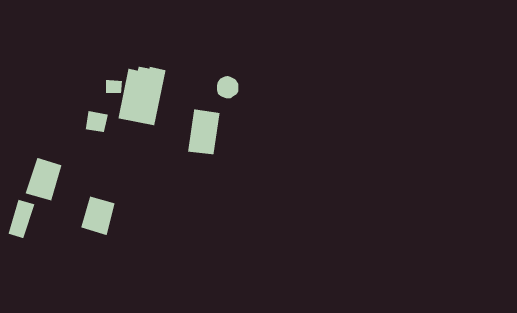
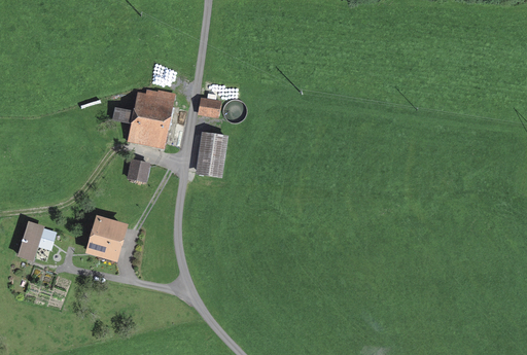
building: none -> [198,98,222,118]
building: [85,110,109,133] -> [128,159,151,182]
building: [25,157,63,201] -> none

